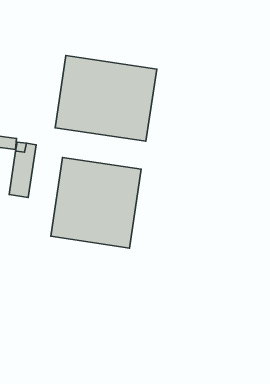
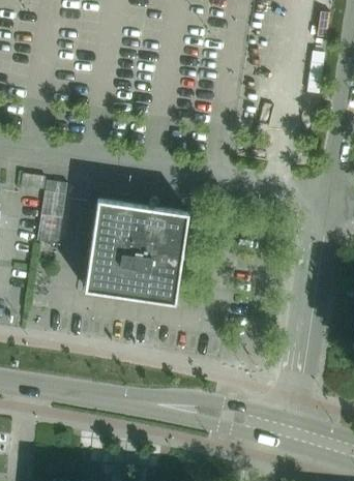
building: [55,56,157,141] -> none

